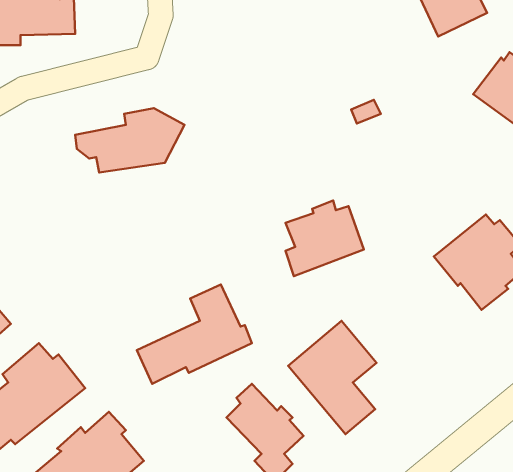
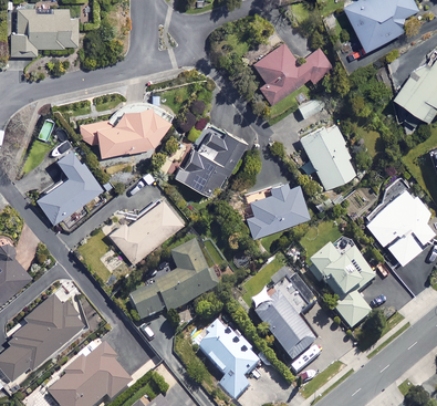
building: none -> [251,42,333,105]
building: none -> [299,121,356,190]
building: none -> [175,127,242,195]
building: none -> [34,145,102,225]
building: none -> [105,195,181,263]
building: none -> [309,247,376,331]

